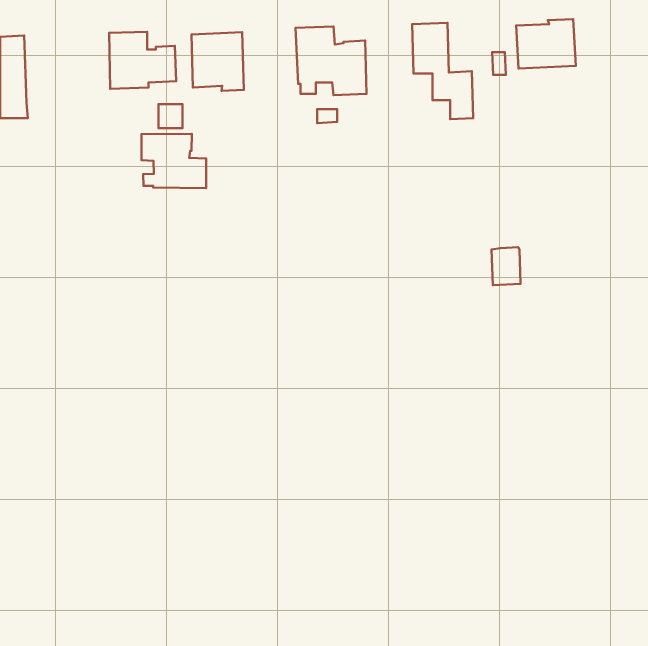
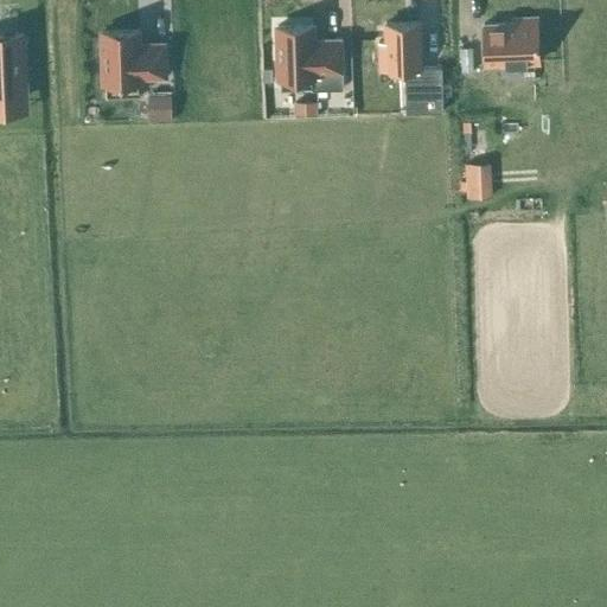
building: [191,32,244,91] -> none
building: [141,134,206,188] -> none
building: [491,247,521,285] -> [465,164,492,199]

